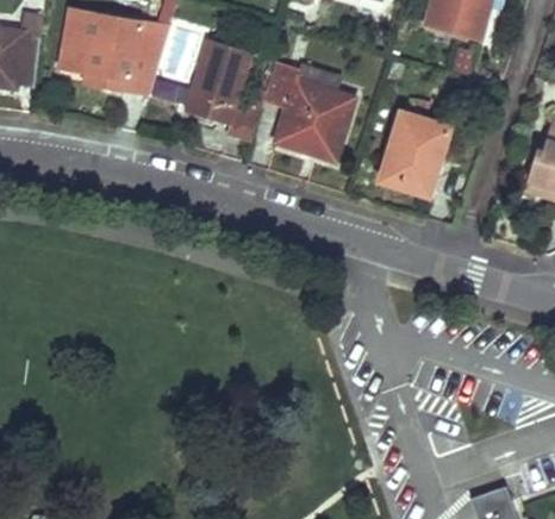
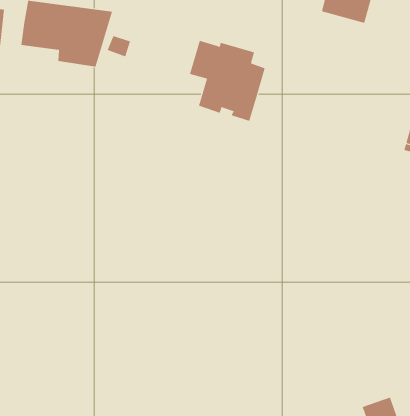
building: [186,38,262,139] -> none
building: [378,113,448,193] -> none

